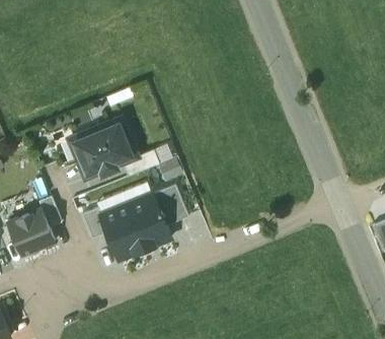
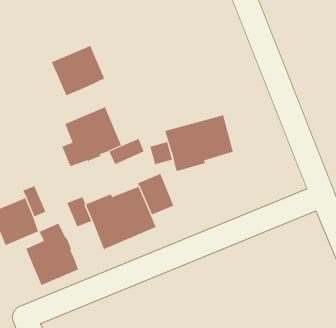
building: none -> [51,45,105,96]
building: none -> [165,114,233,172]
building: none -> [26,223,79,286]

